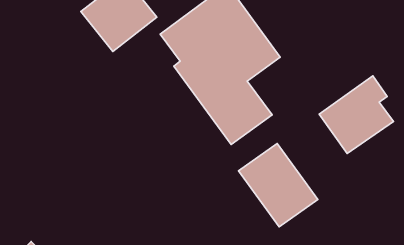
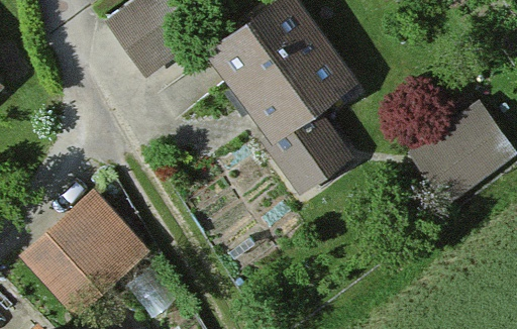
building: none -> [17,191,143,314]
building: [239,144,318,227] -> none

